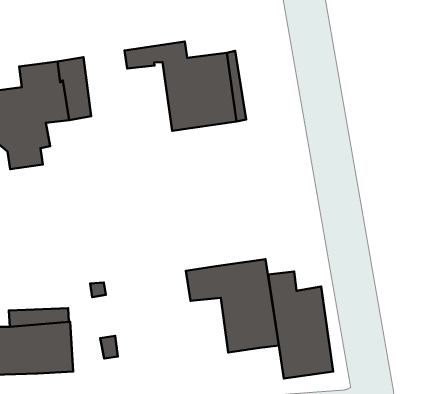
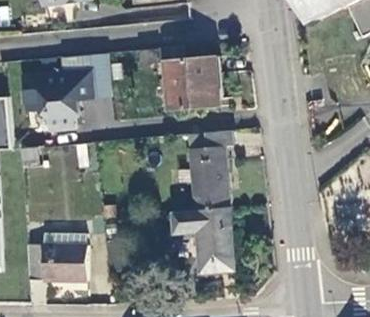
building: [268,272,333,379] -> [187,133,230,210]

